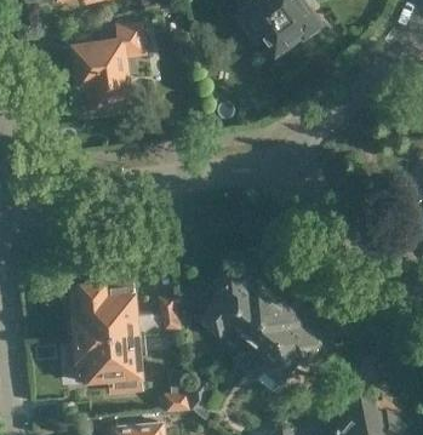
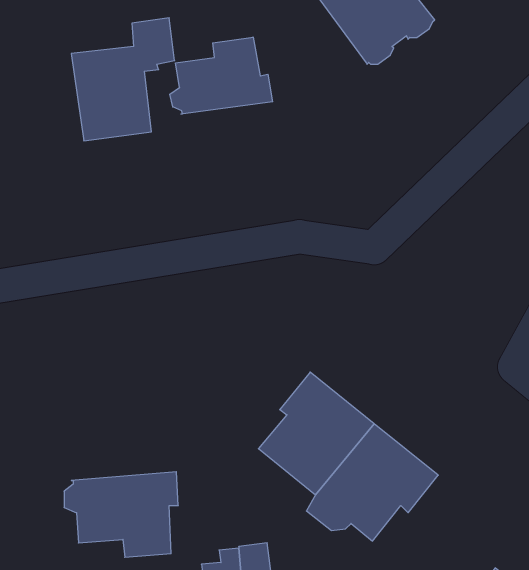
building: none -> [170,37,273,114]
building: [68,286,181,340] -> none

